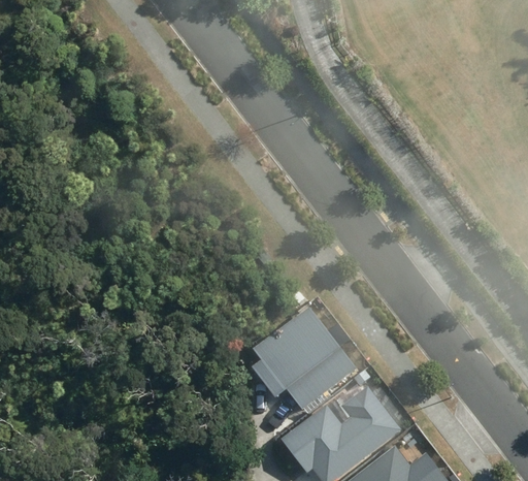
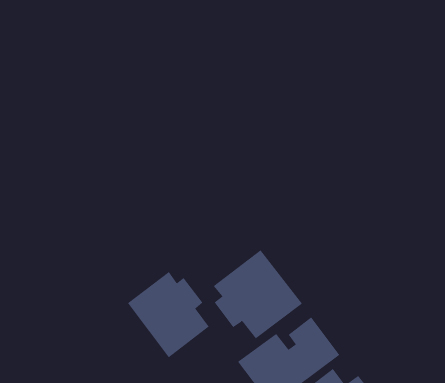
building: none -> [127,271,210,358]

